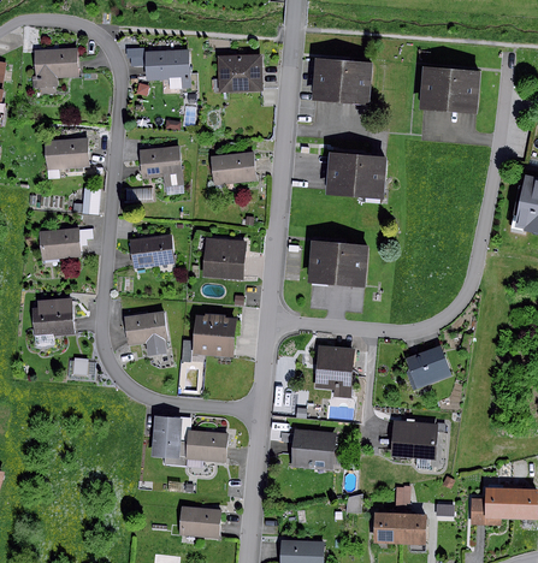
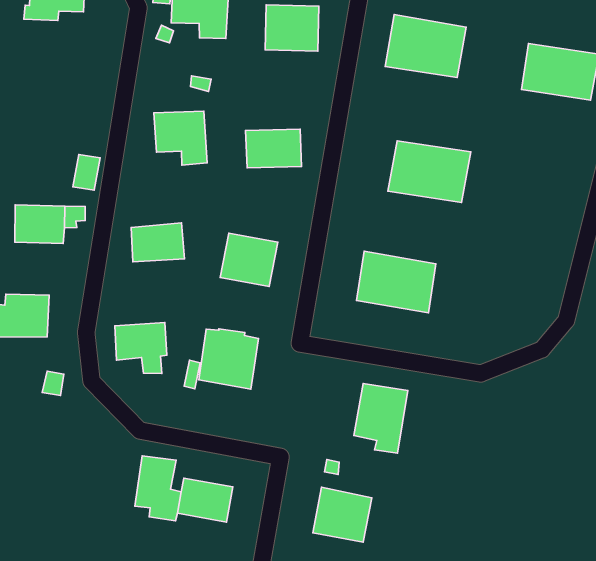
building: [46,138,91,179] -> none
building: [407,344,454,390] -> none
building: [392,421,438,457] -> none

